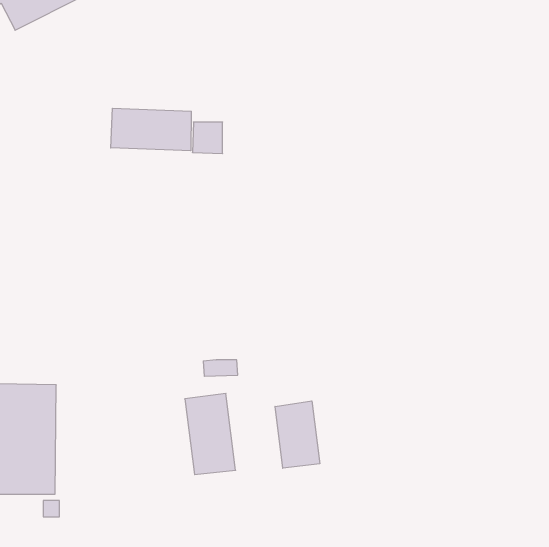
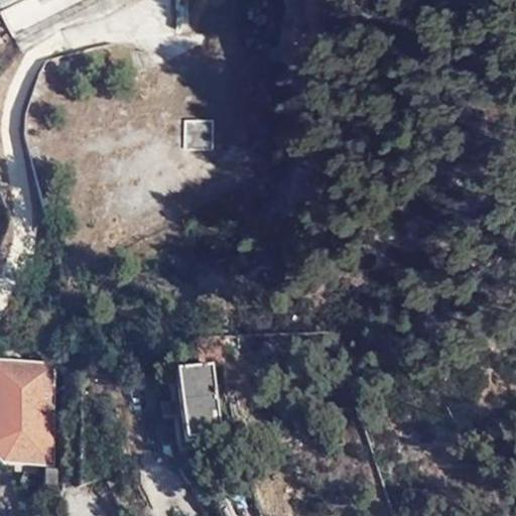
building: [111,108,191,151] -> none
building: [275,401,320,468] -> none

